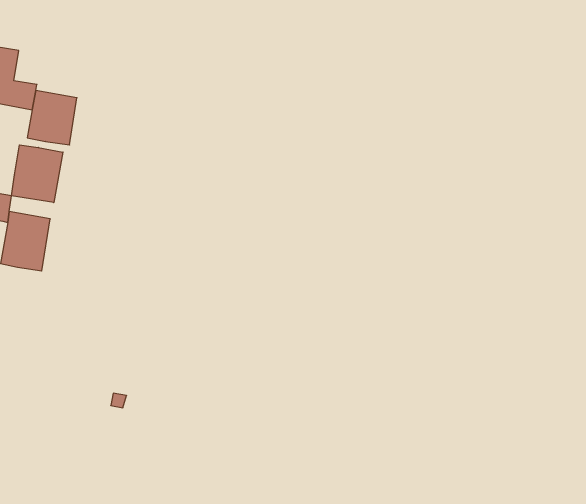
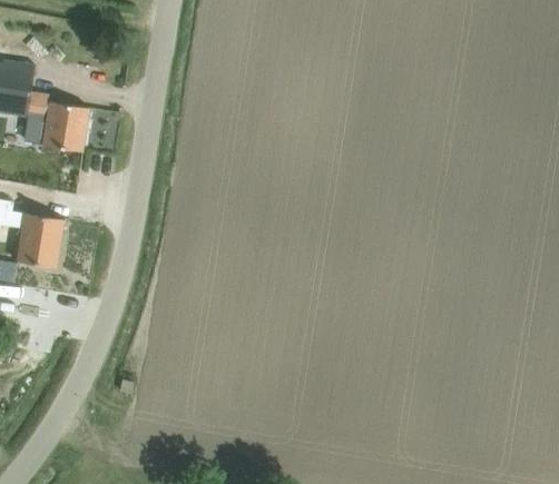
building: [11,145,63,203] -> none

